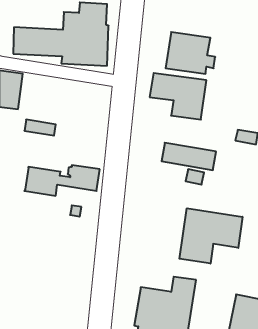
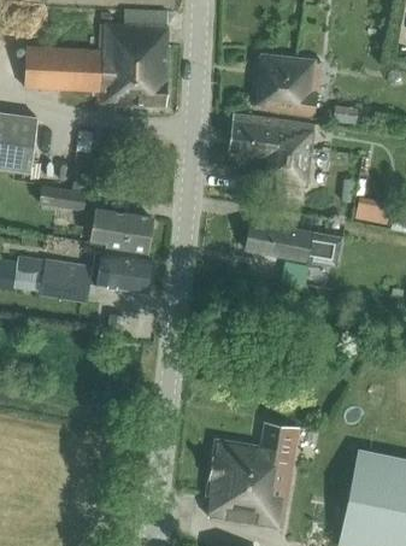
building: none -> [92,211,151,251]
building: none -> [16,256,47,292]
building: [179,208,242,264] -> none

